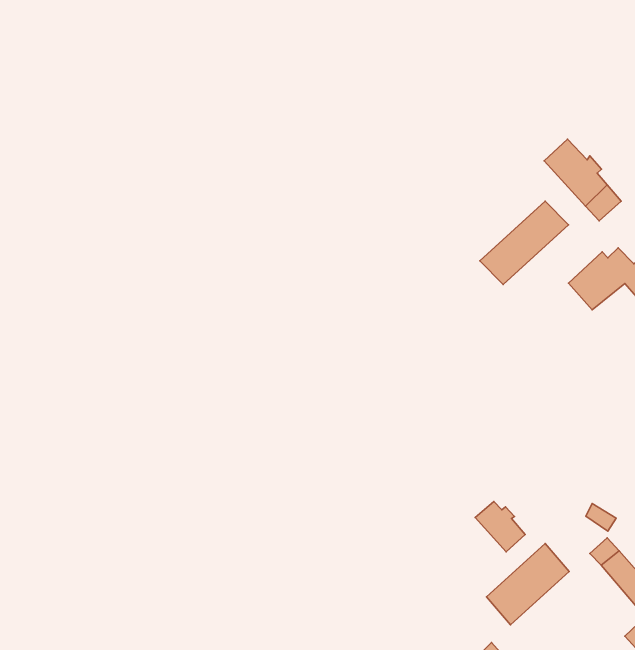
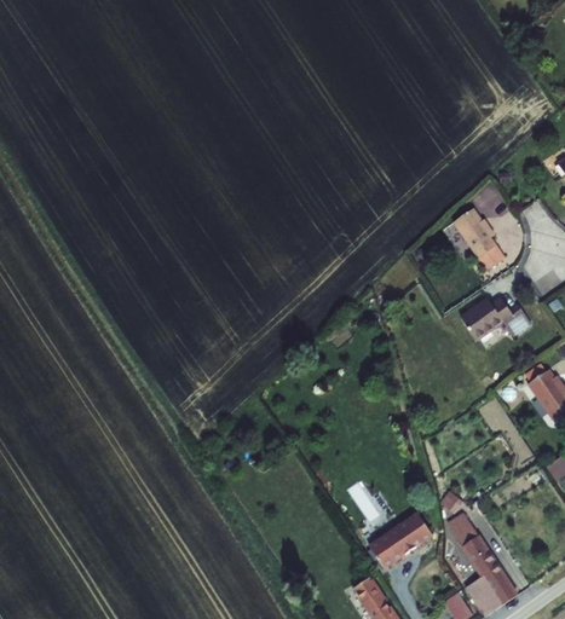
building: [480,201,569,285] -> none
building: [475,502,525,552] -> none

